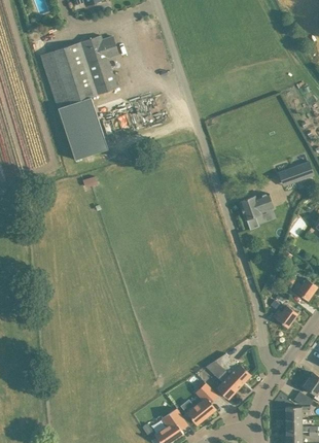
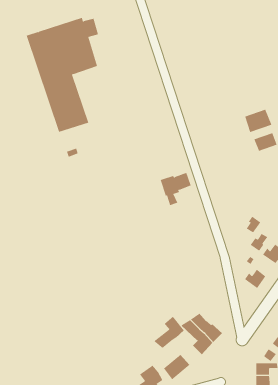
building: none -> [245,109,272,133]
building: [240,194,274,230] -> [160,172,192,206]
building: none -> [153,316,184,349]

